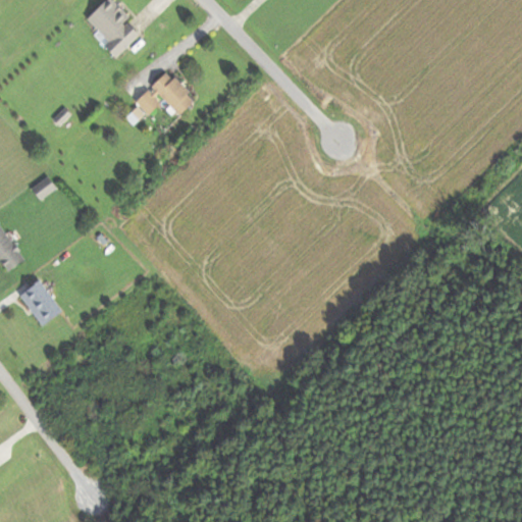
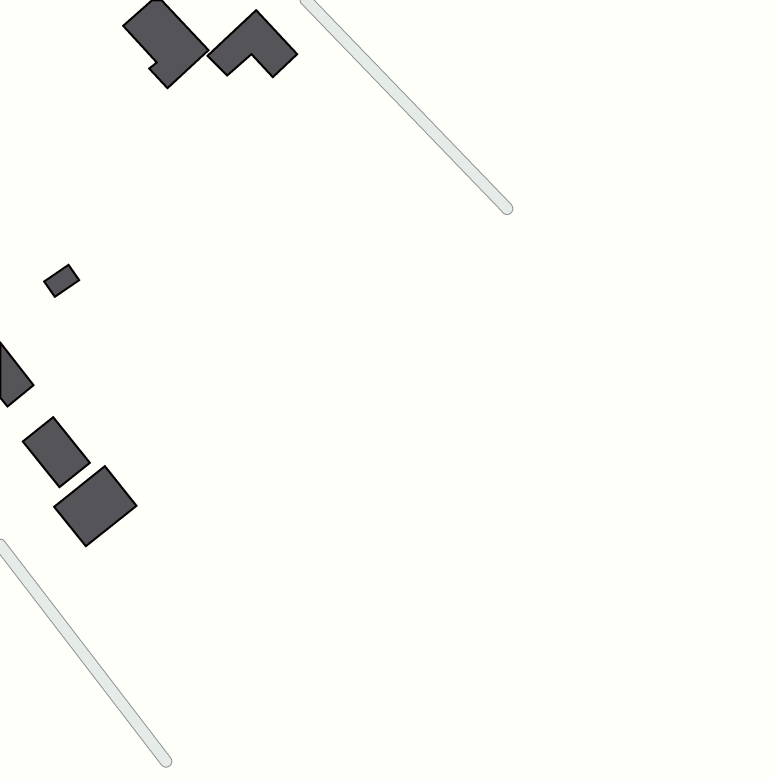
building: [134,70,194,115] -> [207,10,297,77]
building: none -> [54,466,136,546]

